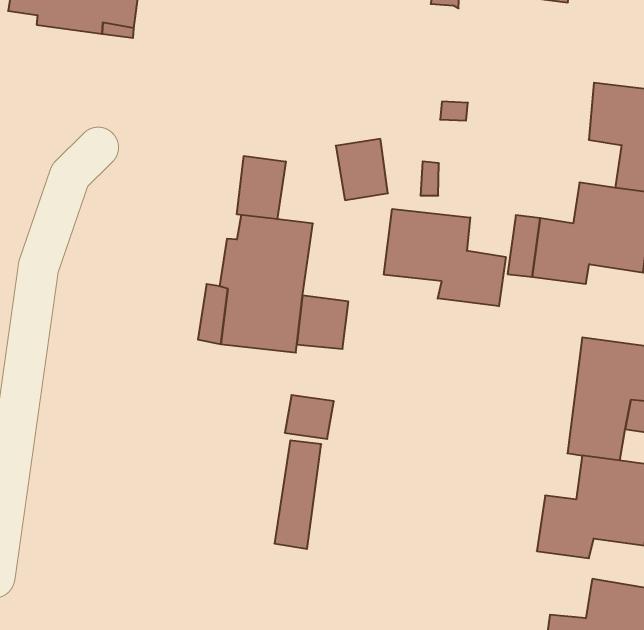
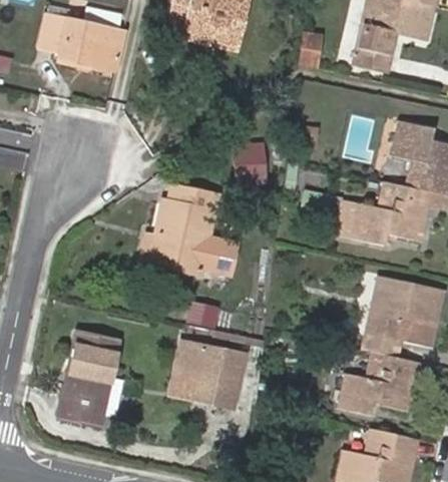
building: [237,156,286,219] -> none
building: [384,209,506,306] -> none
building: none -> [197,332,246,403]
building: none -> [58,331,118,427]

